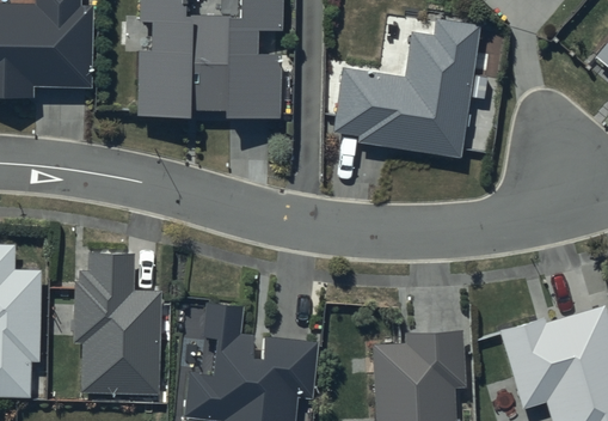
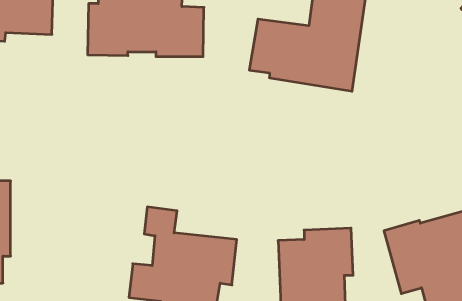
building: [72,250,158,393] -> none

